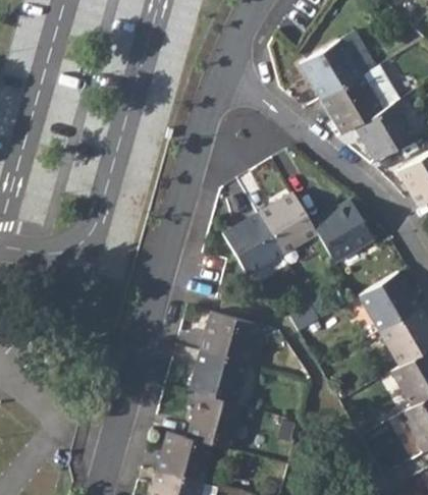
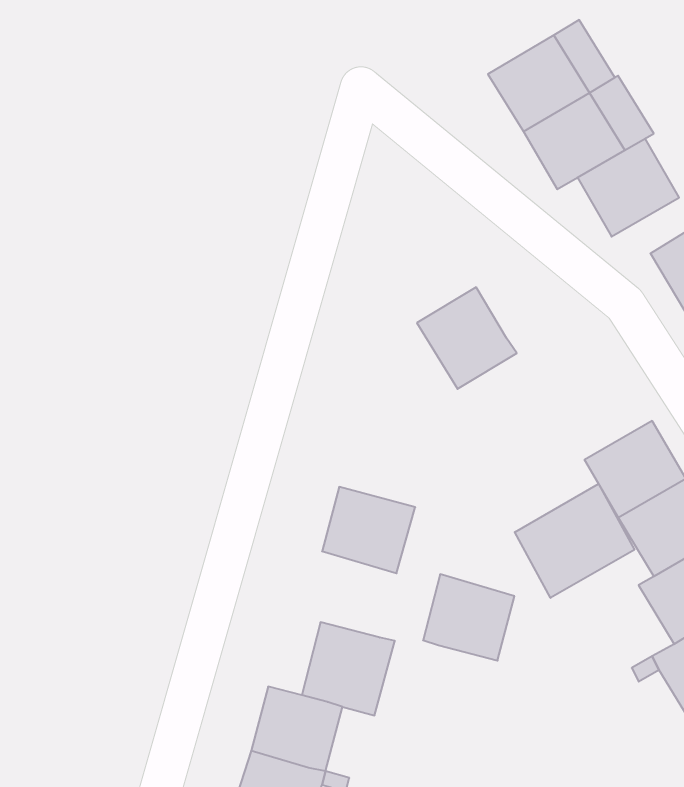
building: [311,200,373,262] -> none
building: [222,214,281,275] -> none
building: none -> [515,484,634,598]
building: [190,351,245,403] -> [423,574,514,661]

